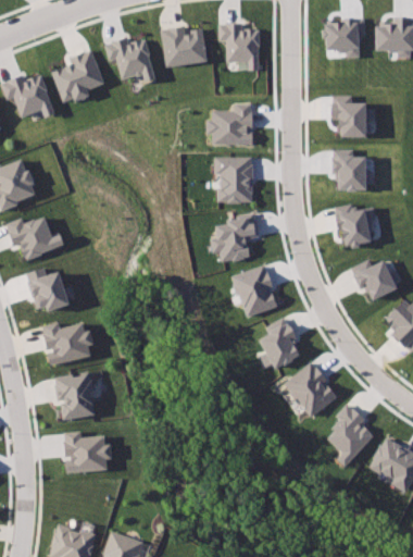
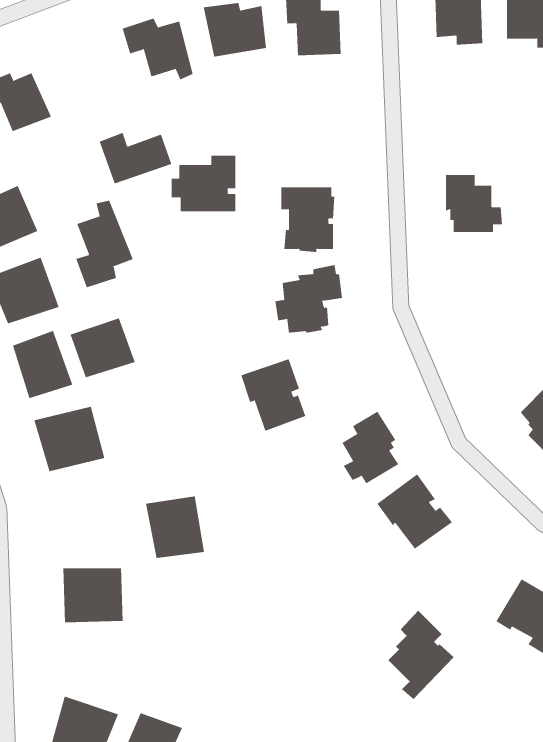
building: [57,63,109,100] -> [99,132,172,184]
building: [333,97,375,138] -> none
building: [208,106,254,146] -> [171,155,236,212]
building: none -> [75,200,134,288]
building: [334,205,377,250] -> none
building: none -> [70,317,136,378]
building: [351,260,399,302] -> none
building: [231,267,278,319] -> [240,358,306,431]
building: [53,371,96,416] -> [145,496,205,558]
building: [328,404,376,468] -> [388,610,455,700]

